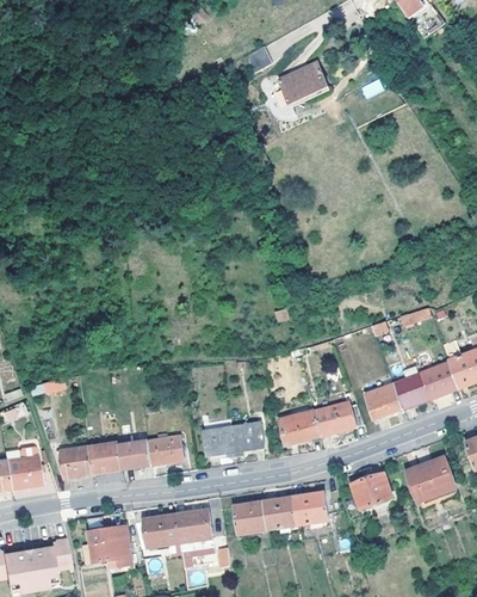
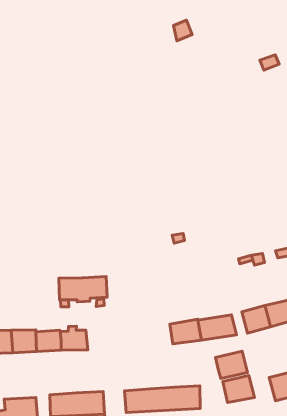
building: [278,61,328,103] -> none
building: [203,421,264,456] -> [59,276,107,302]
building: none -> [215,351,247,379]

